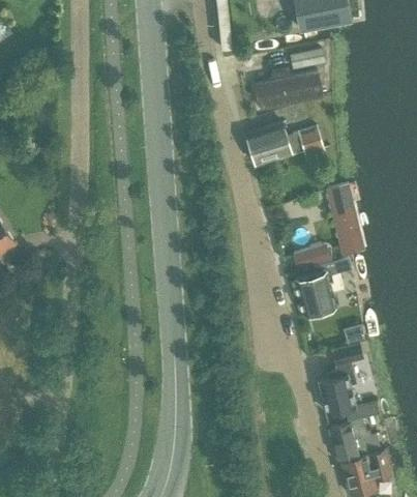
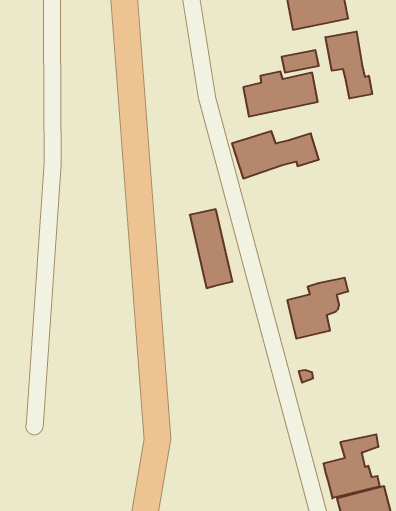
building: none -> [325,31,372,99]
building: [326,184,365,257] -> [190,209,233,288]
building: [294,245,330,271] -> none
building: [320,344,364,414] -> none

